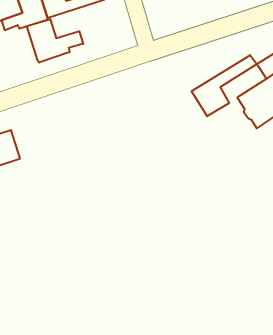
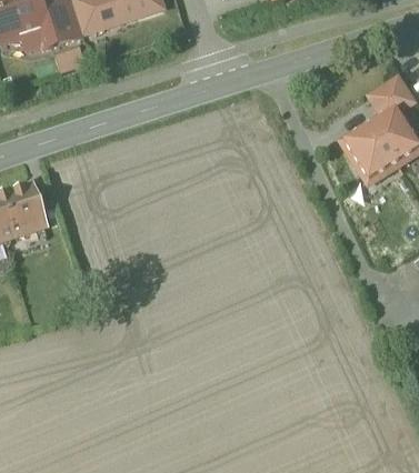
building: [27,19,83,63] -> none
building: [192,55,257,116] -> none

